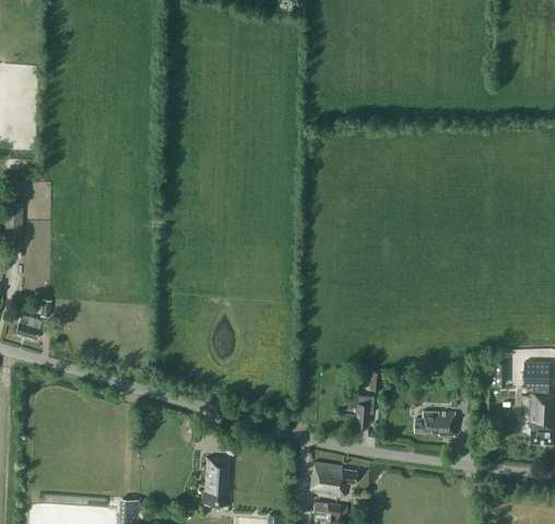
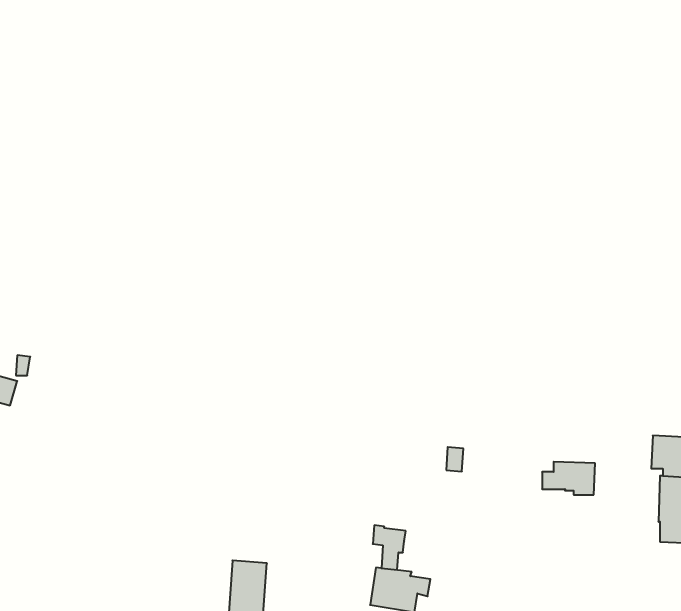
building: [349,392,374,426] -> [373,525,406,570]
building: [415,410,456,436] -> [542,462,595,495]

